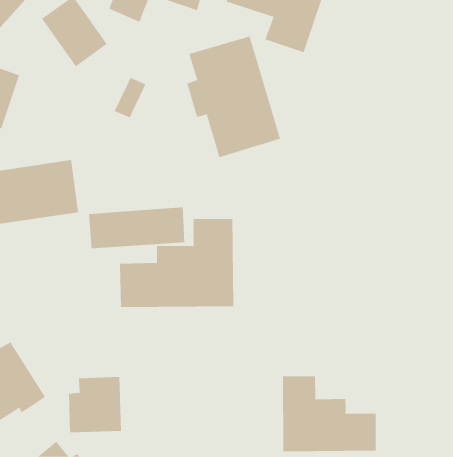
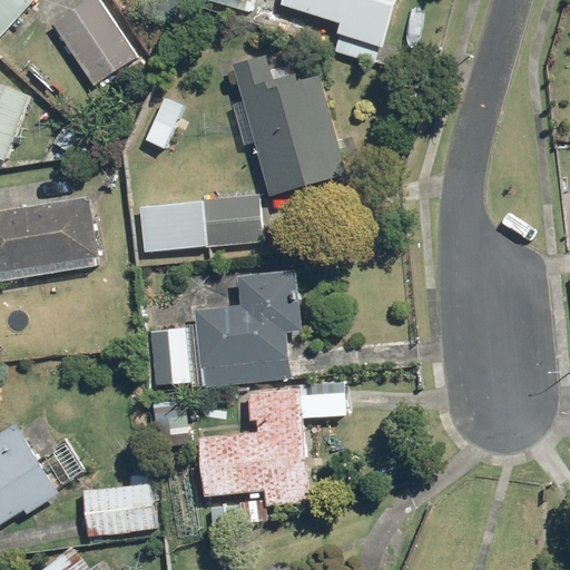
building: [88,207,185,249] -> [139,197,259,249]
building: none -> [200,391,311,510]
building: [282,375,376,452] -> none

